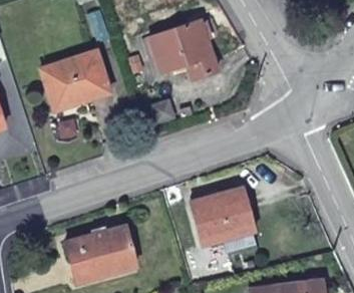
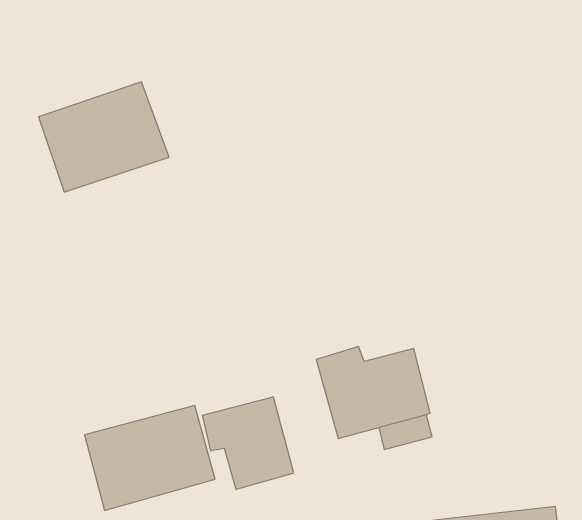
building: [148,19,218,79] -> none
building: none -> [202,397,293,490]

